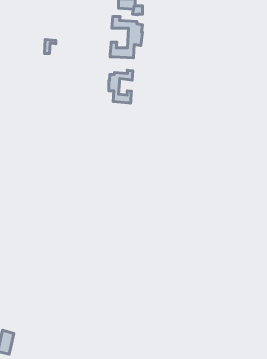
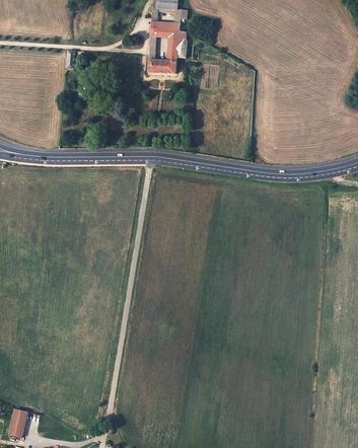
building: [109,70,133,103] -> none

